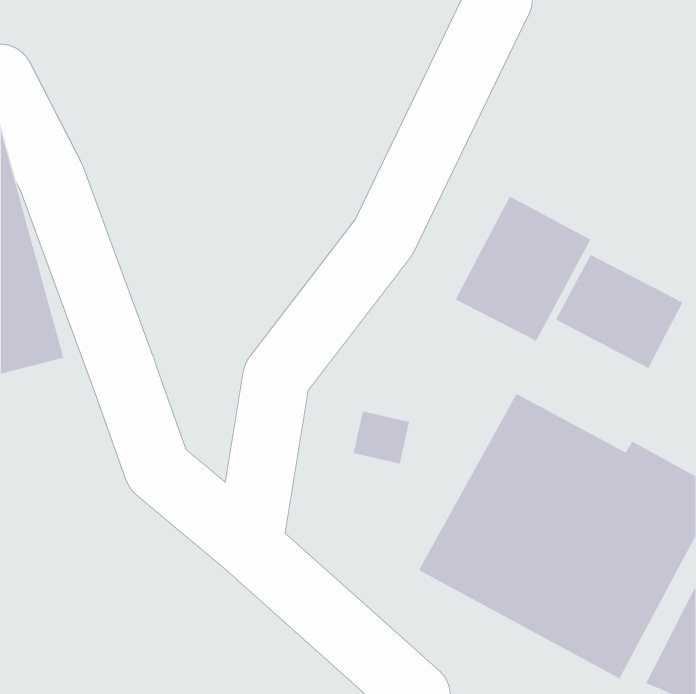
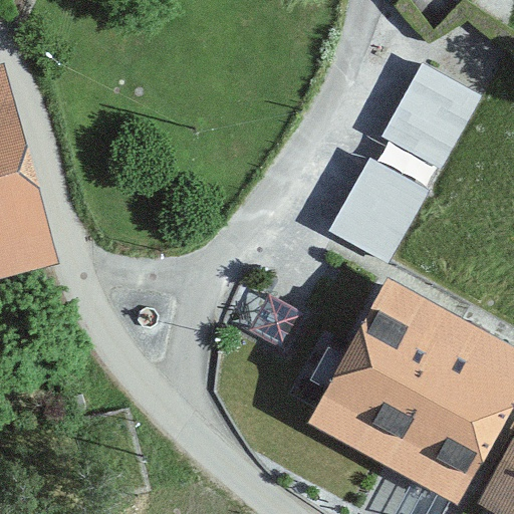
building: none -> [383,52,489,164]
building: [555,254,683,369] -> none

